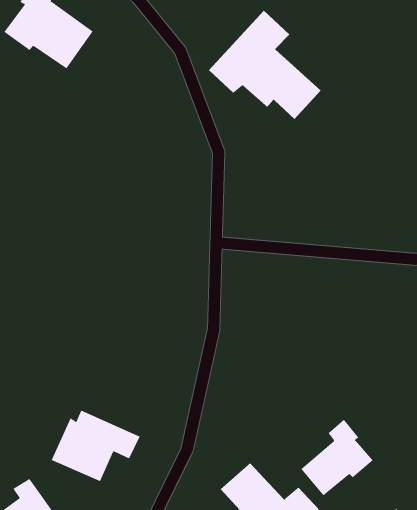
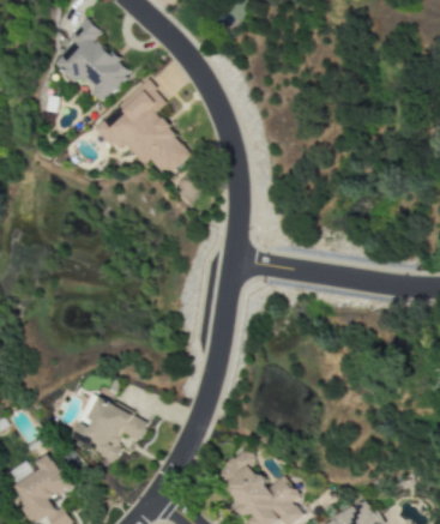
building: [208,10,322,120] -> [95,79,192,176]
building: [300,419,373,496] -> none

